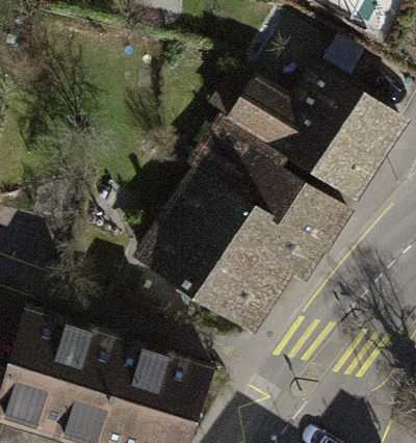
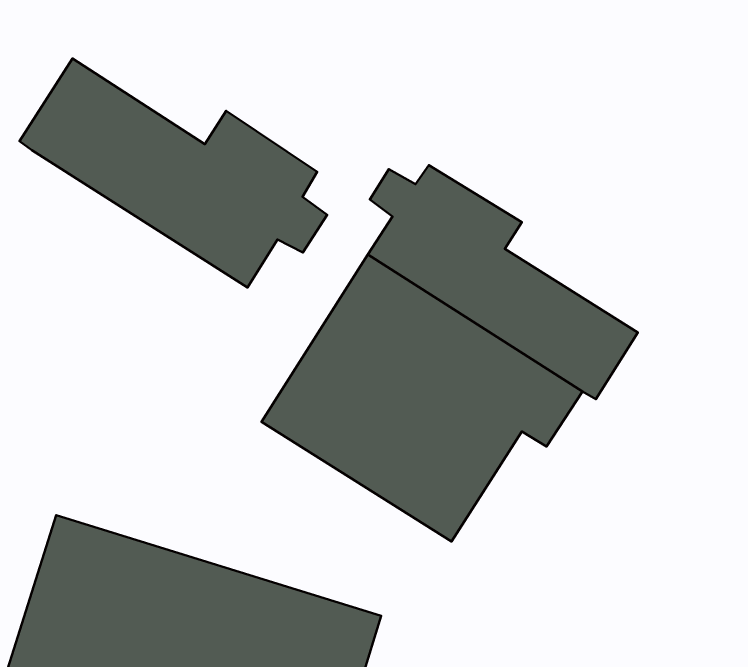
building: none -> [19,59,327,287]
building: [214,76,406,204] -> none

